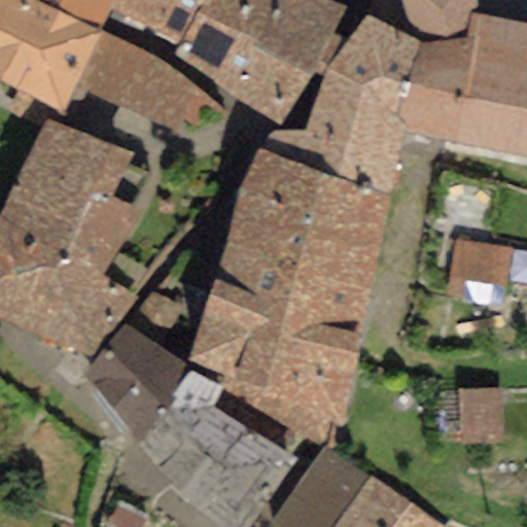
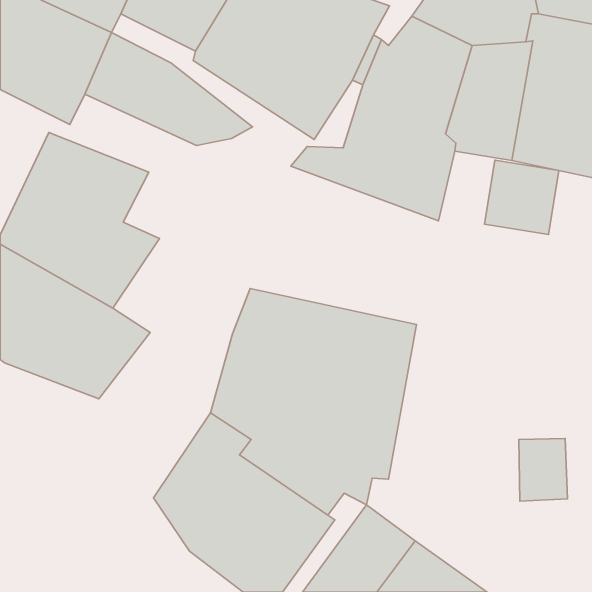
building: [223,147,390,287] -> none
building: [447,239,513,305] -> [485,160,559,235]
building: [86,277,208,441] -> none

